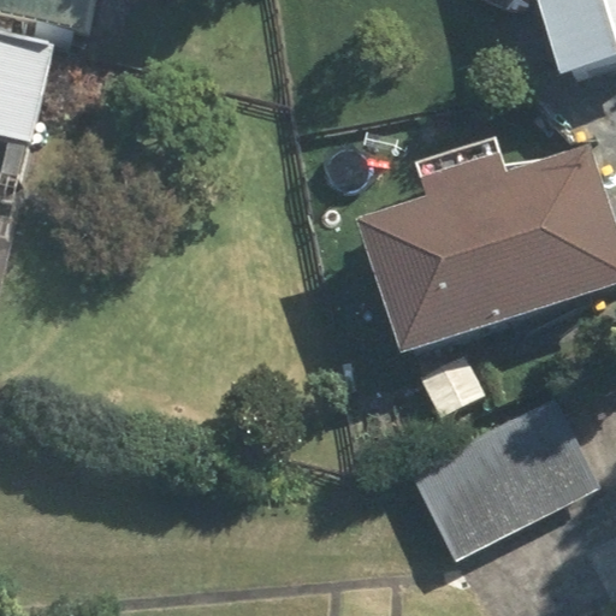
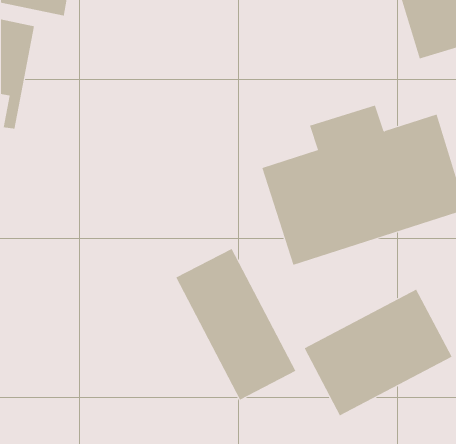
building: none -> [176,248,296,400]

